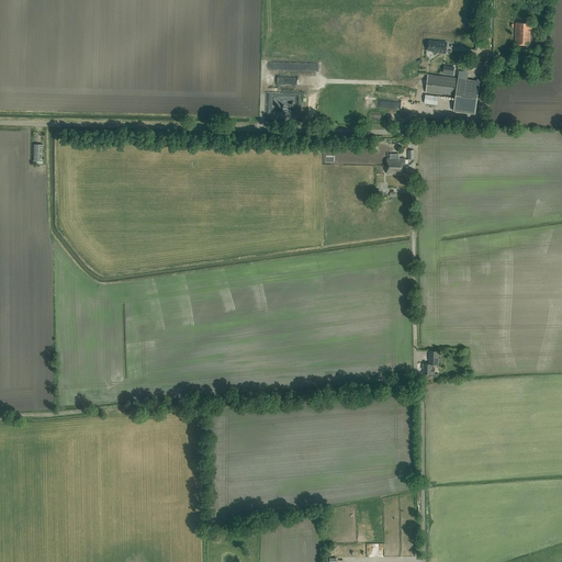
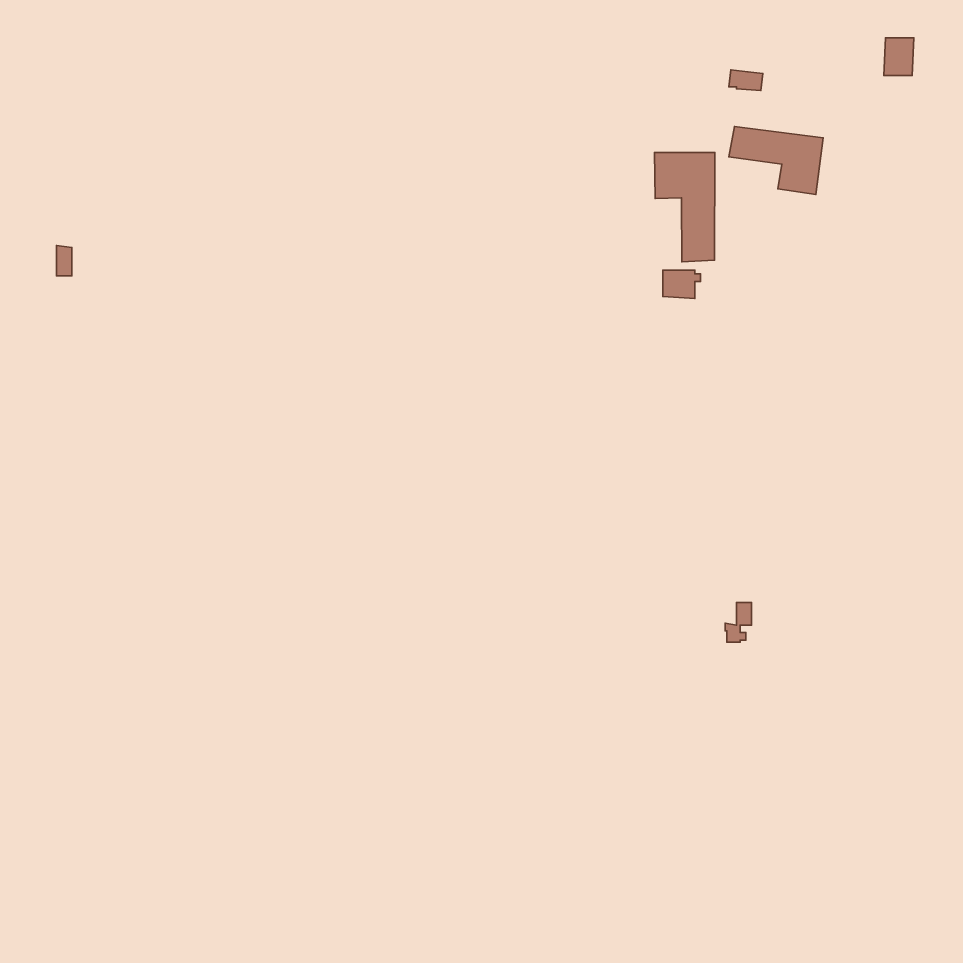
building: none -> [655,152,715,262]

